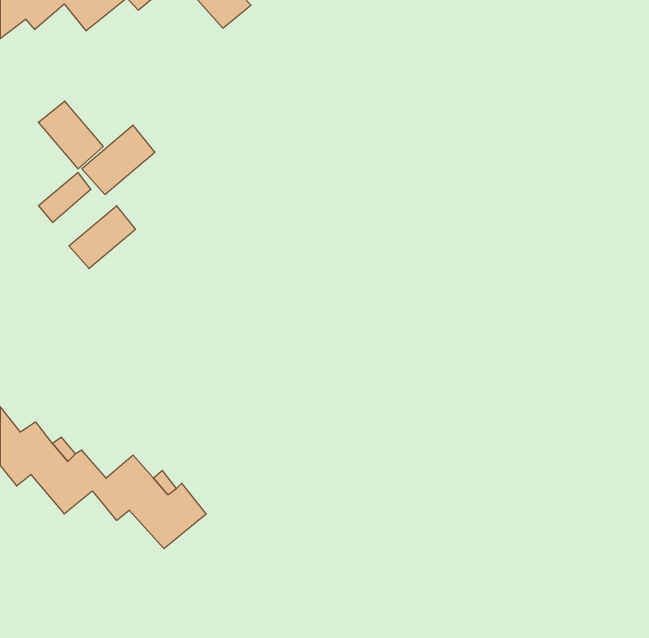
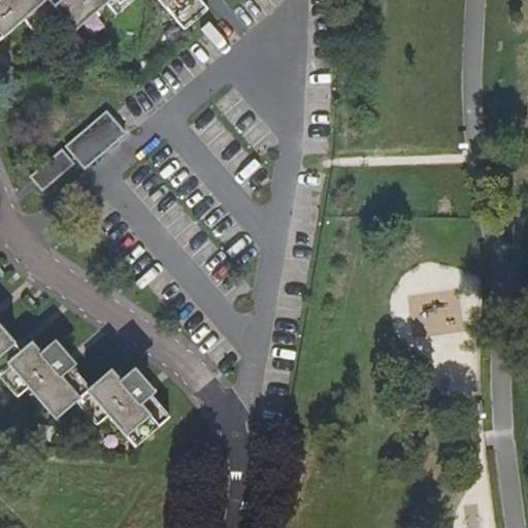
building: [38,101,103,169] -> none
building: [69,206,135,269] -> none

